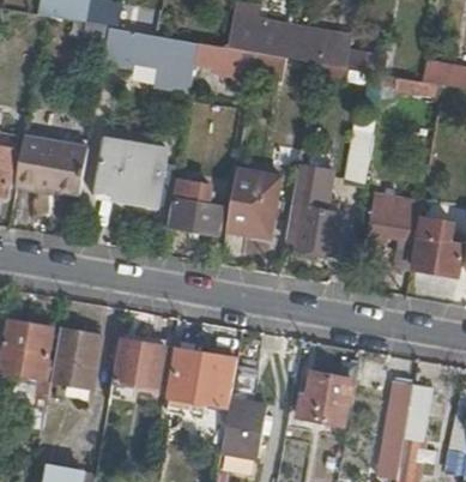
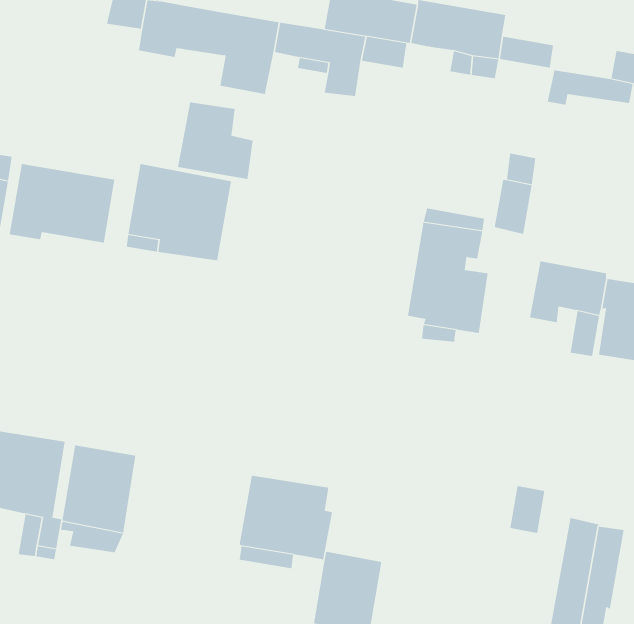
building: [225,171,279,236] -> none
building: [169,180,220,233] -> [177,102,253,180]
building: [110,329,165,394] -> none
building: [296,370,351,422] -> none

